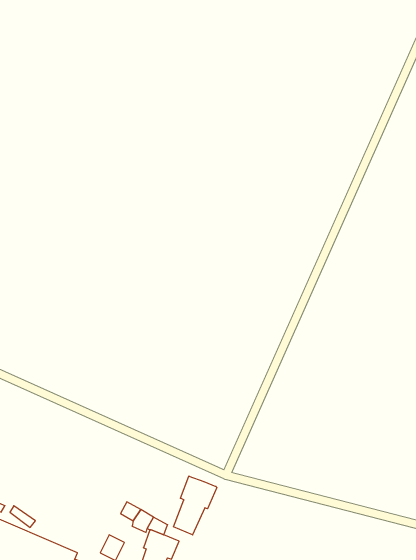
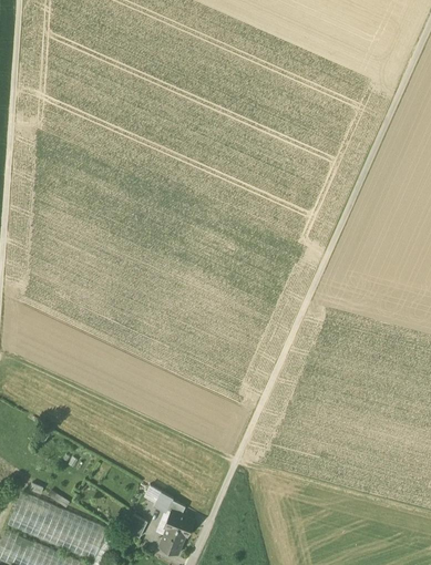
building: [173,476,217,535] -> none

